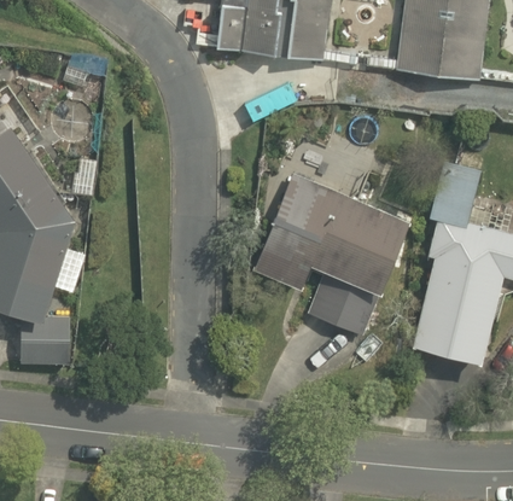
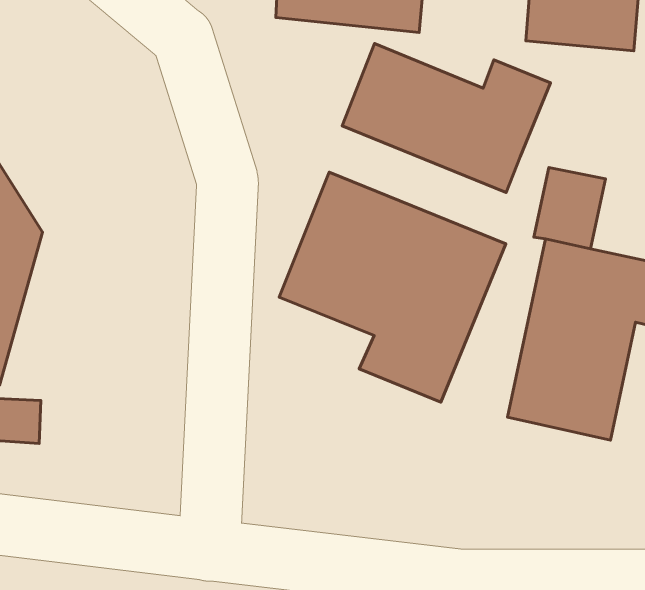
building: none -> [342,43,550,192]

